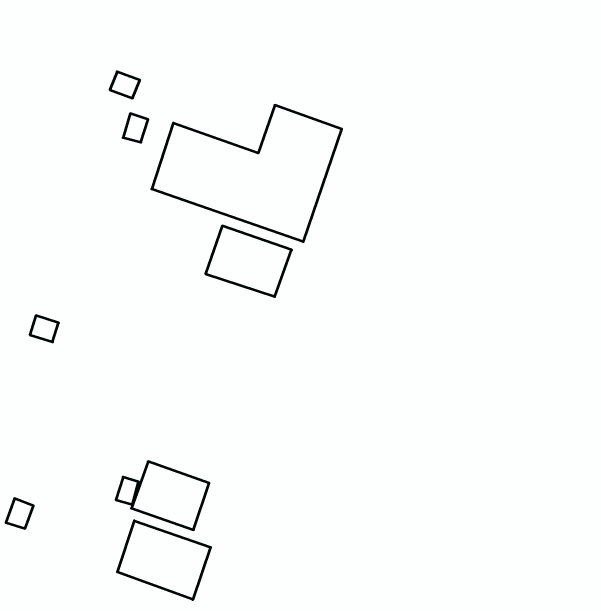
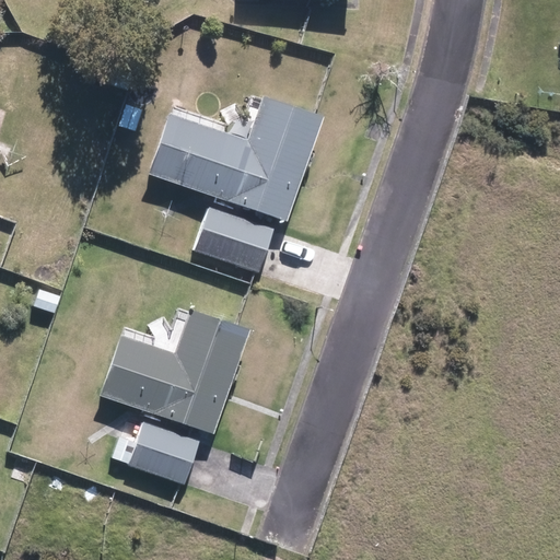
building: none -> [100,311,247,433]
building: [117,521,211,600] -> none

